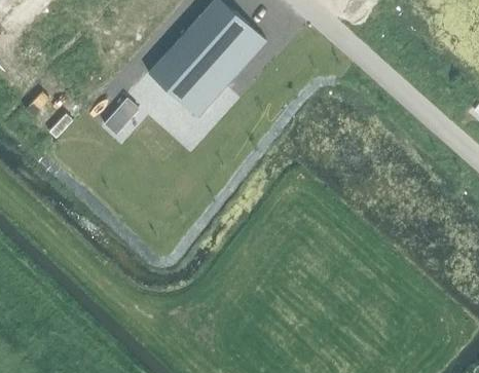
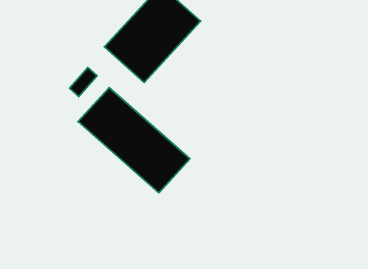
building: none -> [78,88,190,193]

